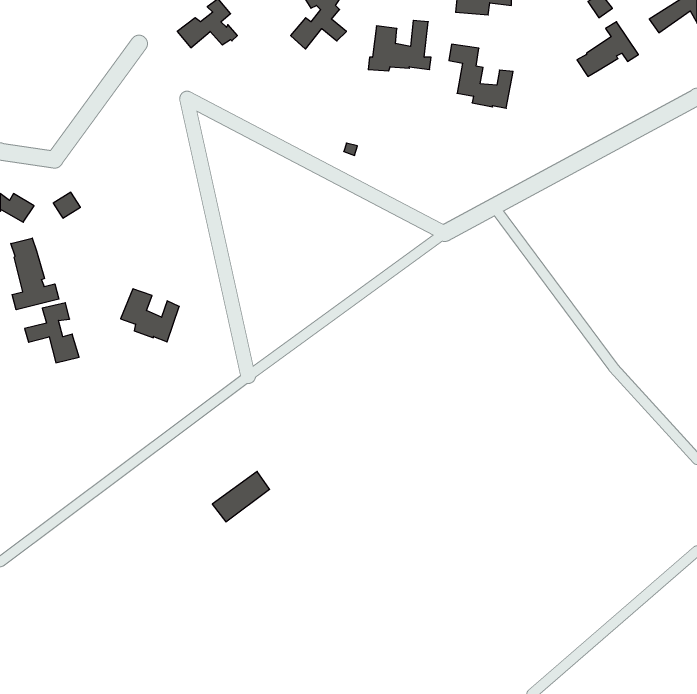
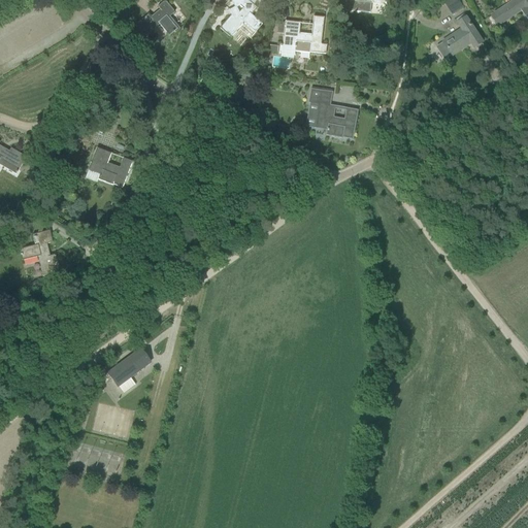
building: [449,44,513,108] -> [308,89,357,137]
building: [11,238,59,310] -> none
building: [121,289,179,342] -> [88,146,132,187]
building: [212,471,270,522] -> [106,348,150,386]

